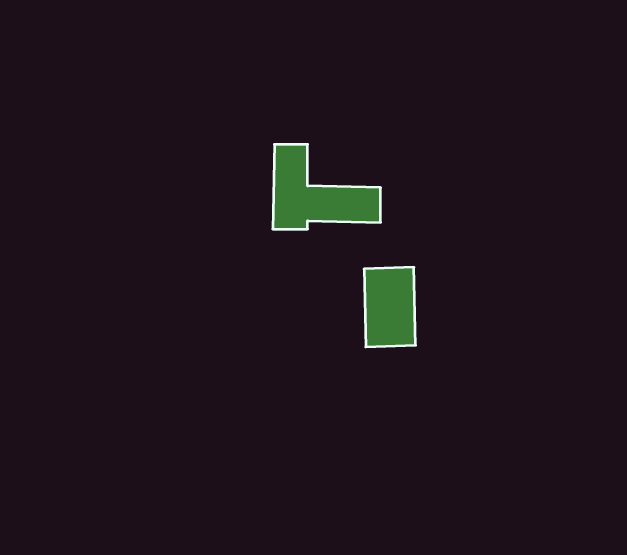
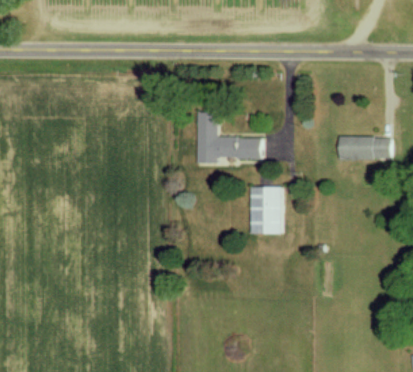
building: none -> [338,137,390,159]

